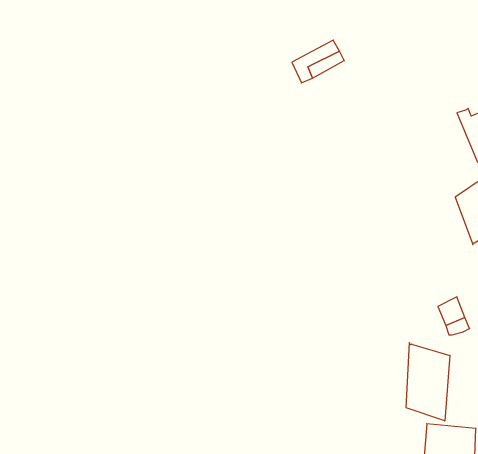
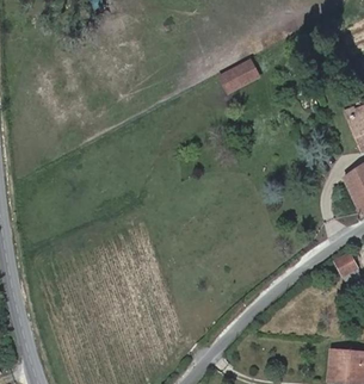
building: [406,343,450,421] -> none

